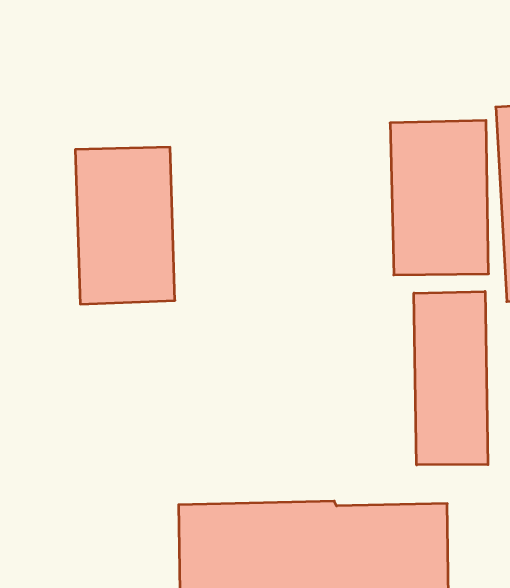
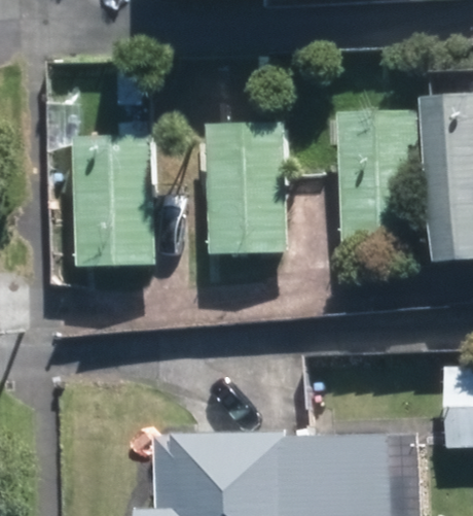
building: none -> [205,122,289,254]
building: [414,291,488,465] -> none

